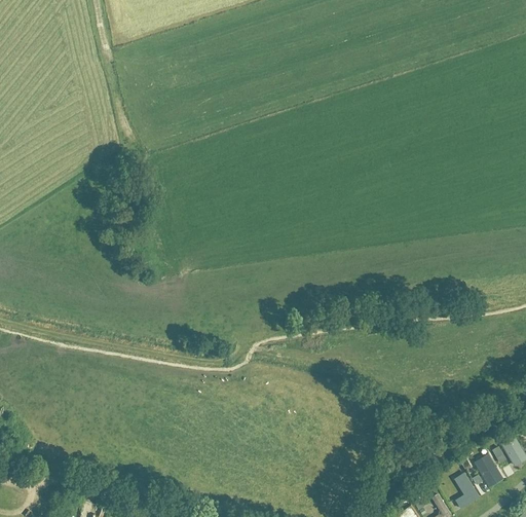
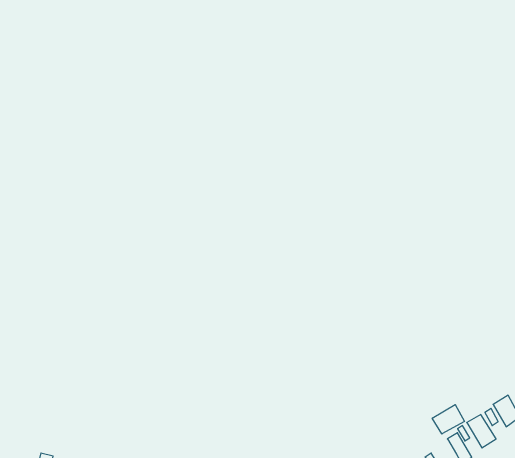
building: none -> [432,405,464,434]

